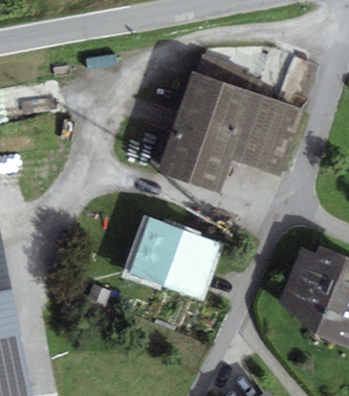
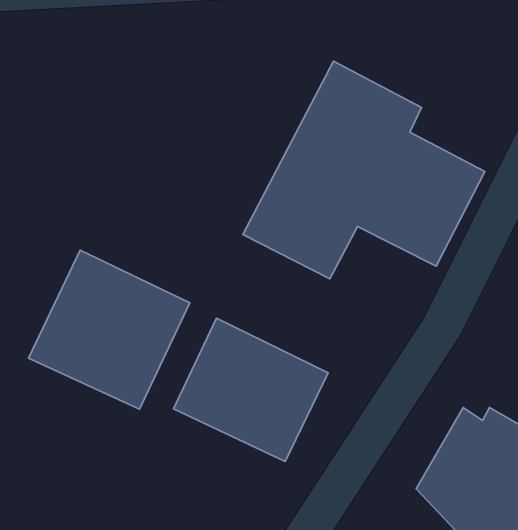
building: none -> [29,250,190,409]

